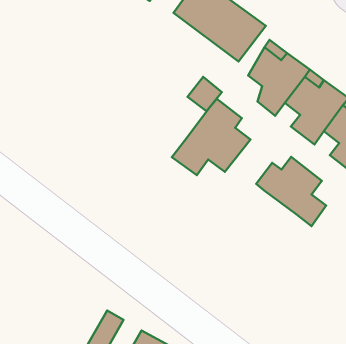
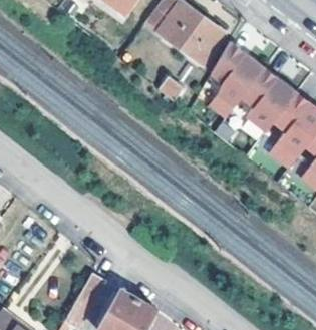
building: [172,99,250,175] -> none
building: [256,157,326,226] -> none

